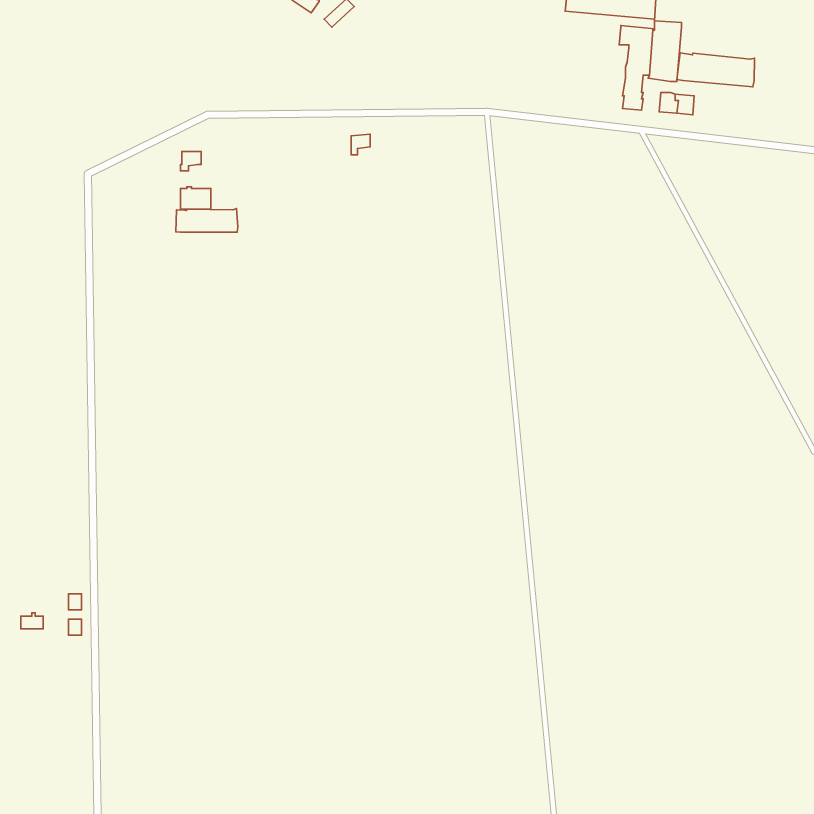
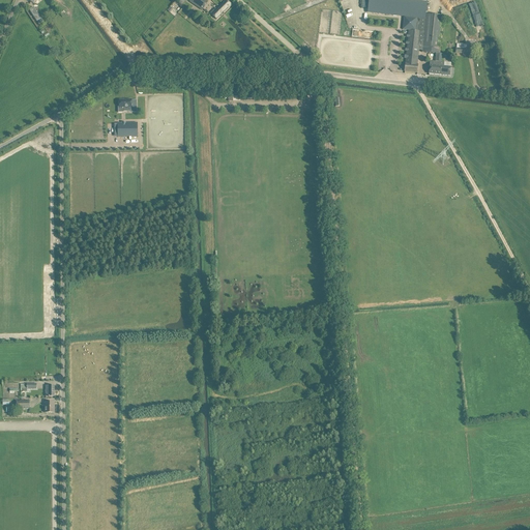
building: [677,53,755,87] -> none
building: [176,209,238,232] -> none

